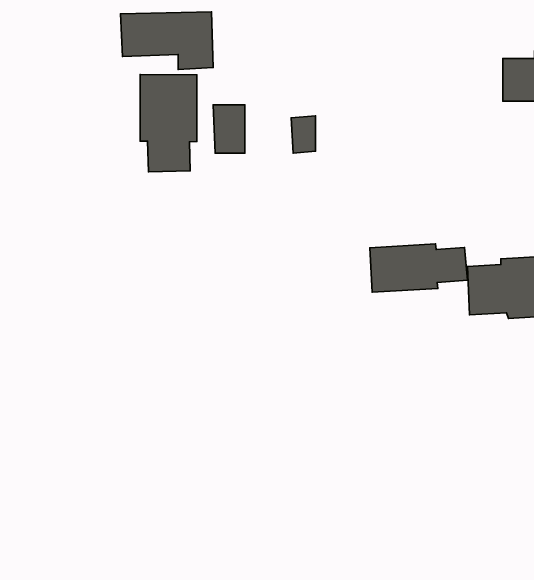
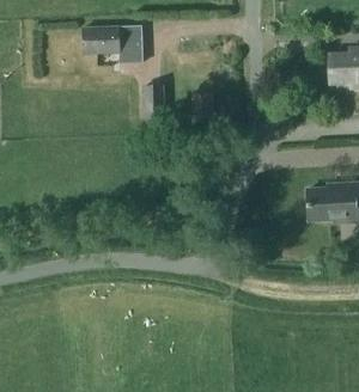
building: [140,75,197,172] -> none
building: [370,244,468,292] -> none

